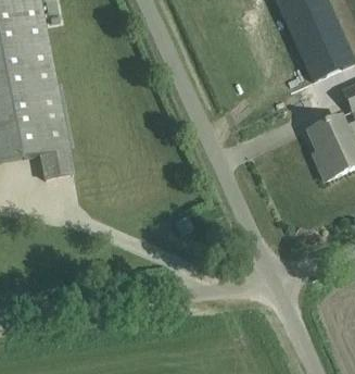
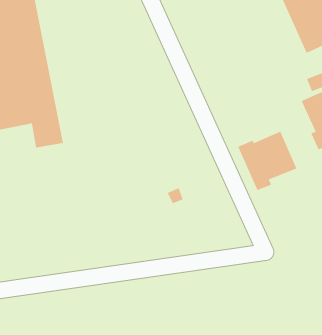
building: none -> [238,131,297,191]

